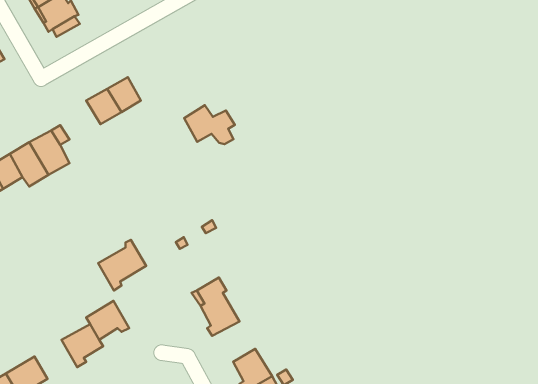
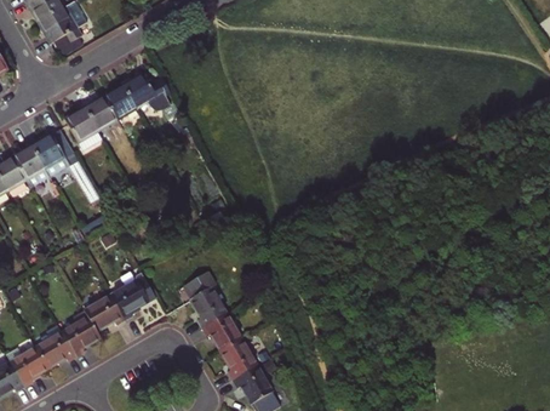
building: none -> [65,107,103,149]
building: [184,105,235,144] -> [124,73,171,109]
building: [98,240,146,291] -> [110,272,155,319]
building: none -> [202,313,242,350]
building: none -> [36,330,76,366]

